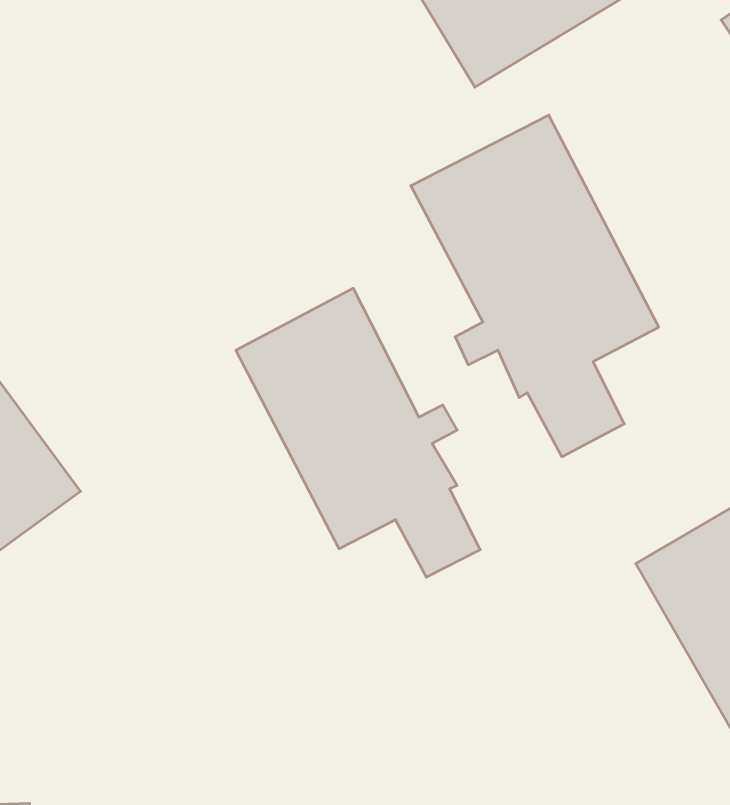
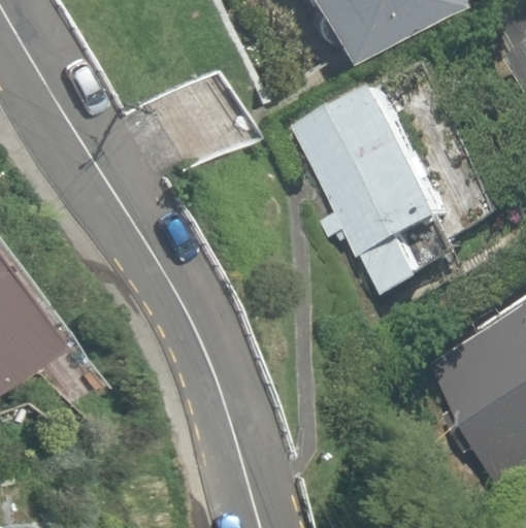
building: [236,288,480,577] -> none

